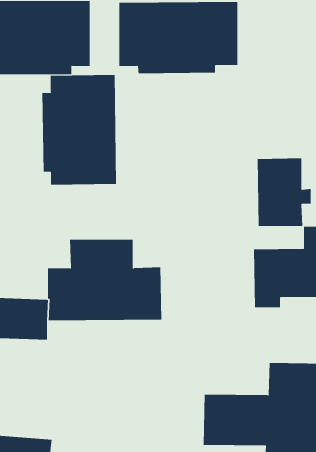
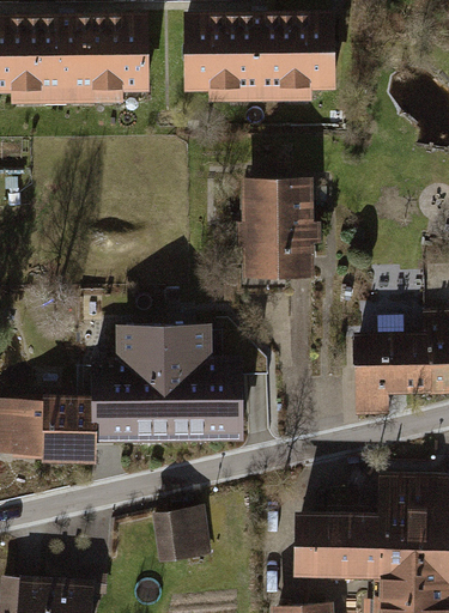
building: [42,74,117,185] -> none
building: [257,158,312,227] -> [244,180,315,268]
building: none -> [152,512,207,566]

